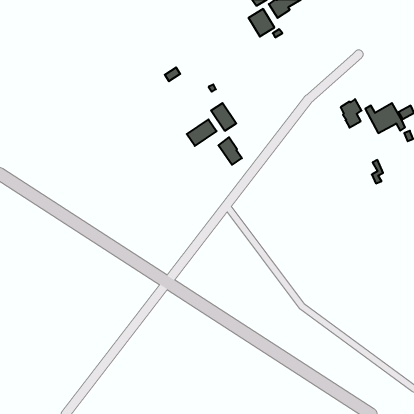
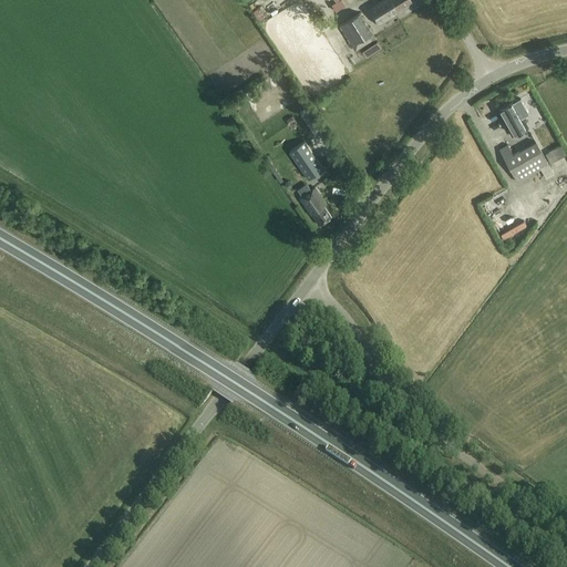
building: [341,99,362,128] -> [498,96,527,135]
building: [187,119,217,146] -> none

